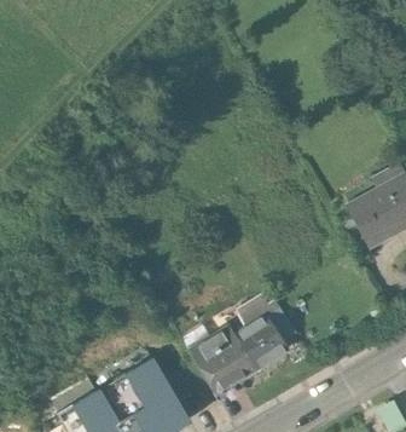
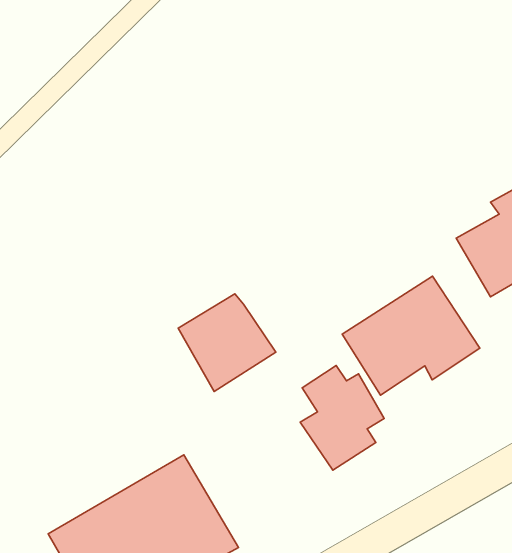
building: none -> [342,276,480,395]
building: [188,328,257,397] -> [178,294,276,392]

